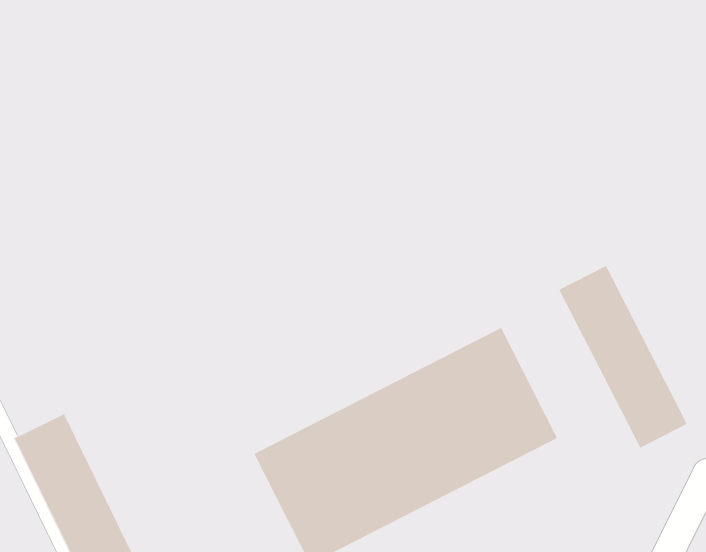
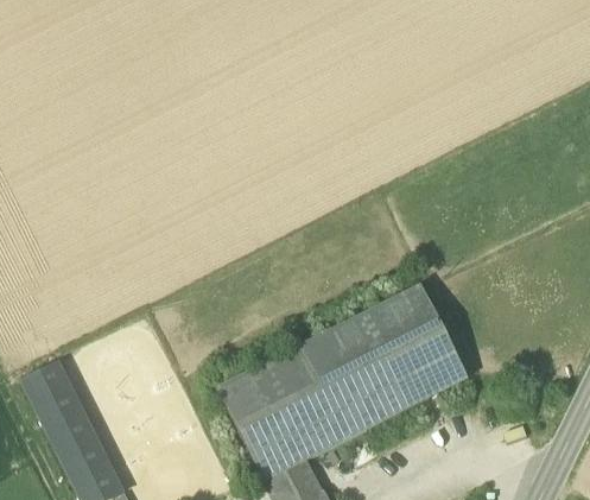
building: [559,265,688,449] -> none

